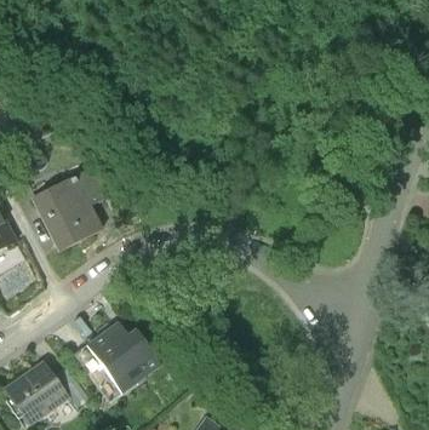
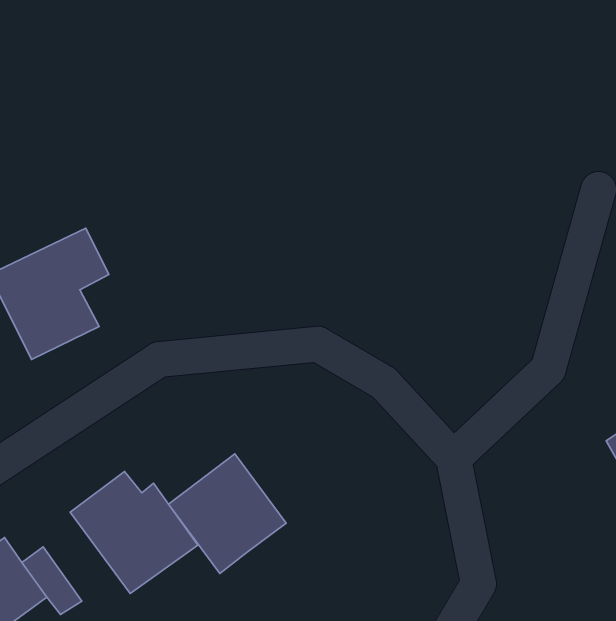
building: none -> [168,454,286,574]

